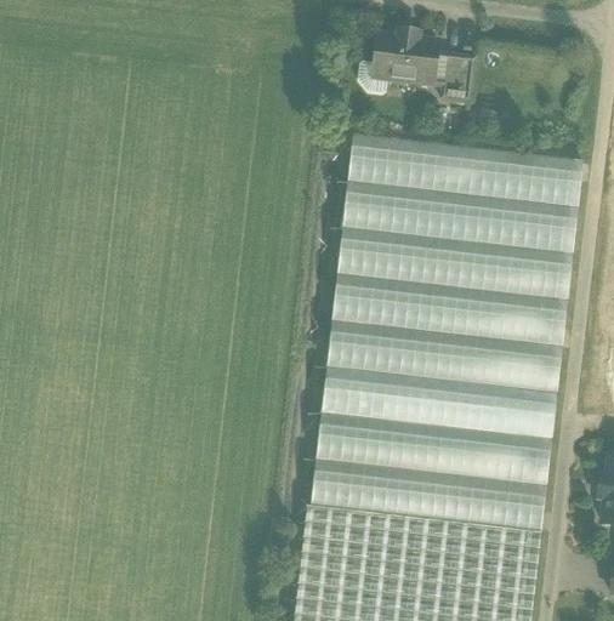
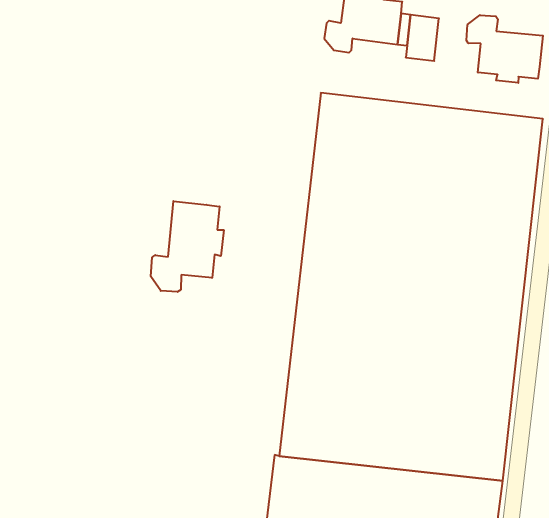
building: none -> [466,15,543,83]
building: none -> [151,201,224,292]

